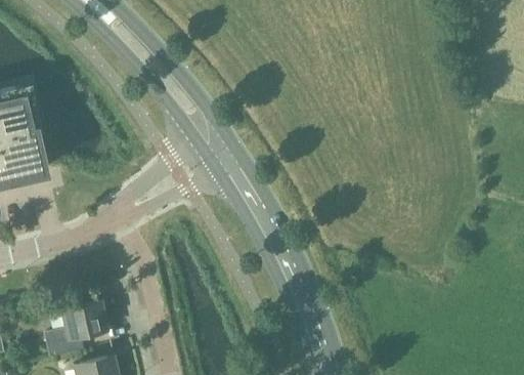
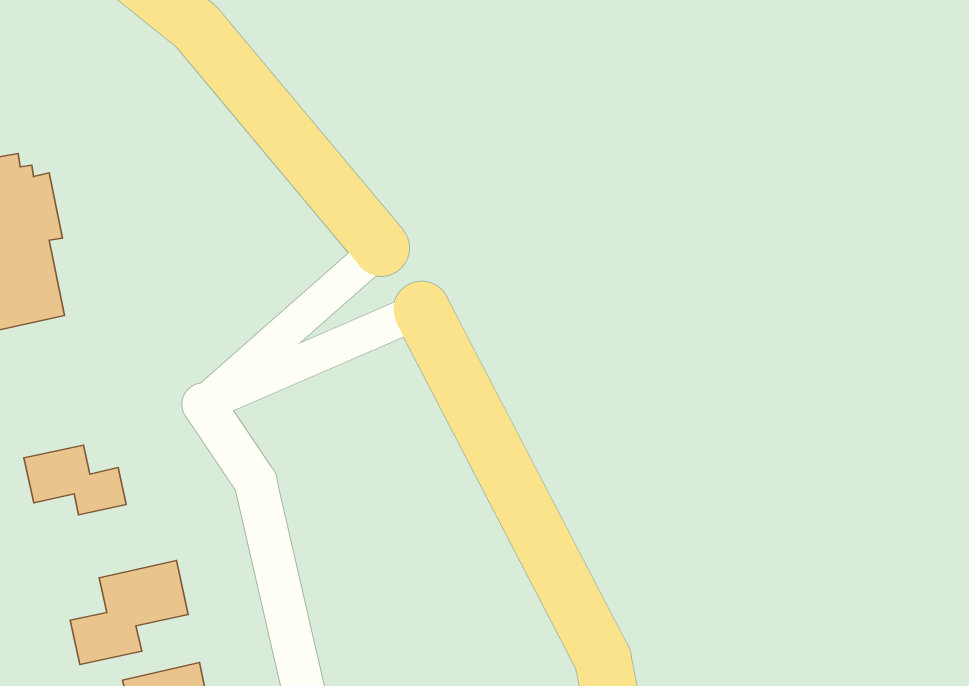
building: none -> [24,445,126,515]

